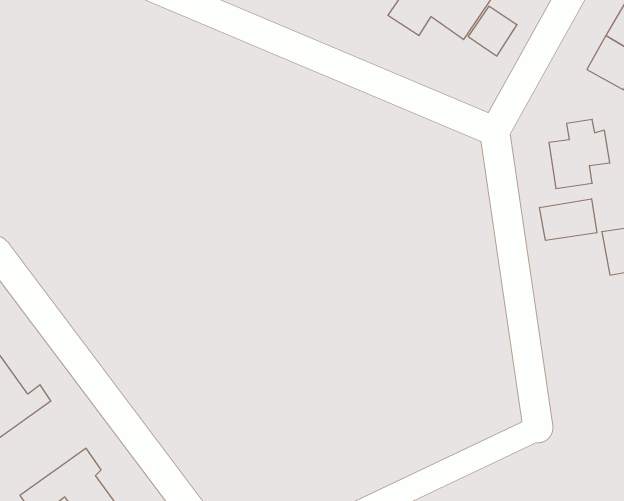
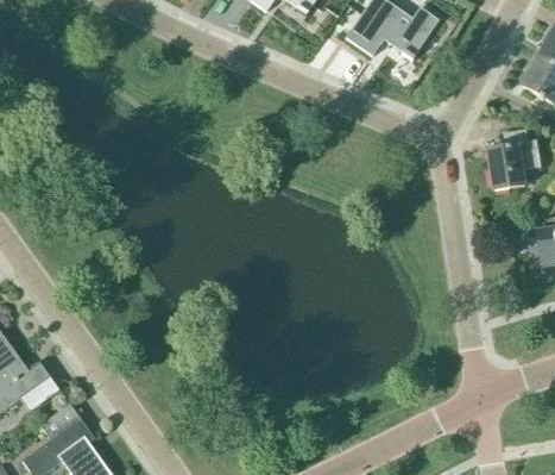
building: [468,6,517,56] -> none
building: [540,199,597,240] -> none

